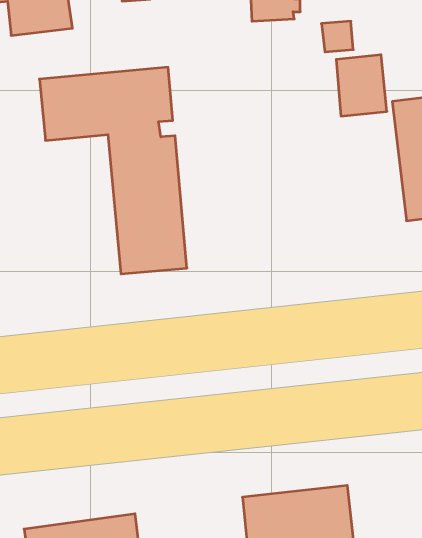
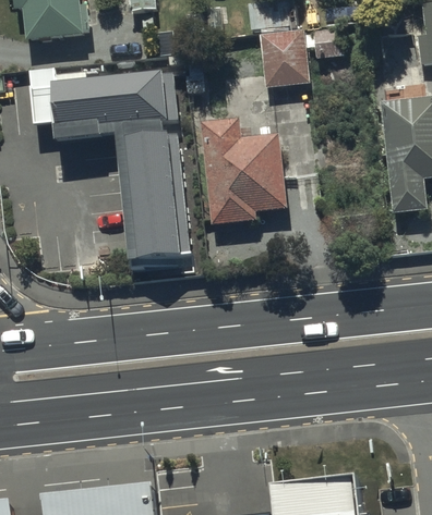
building: [336,55,387,116] -> [261,30,308,87]
building: none -> [201,119,287,224]

